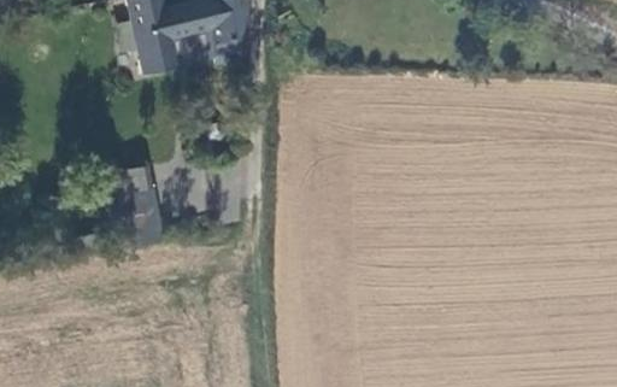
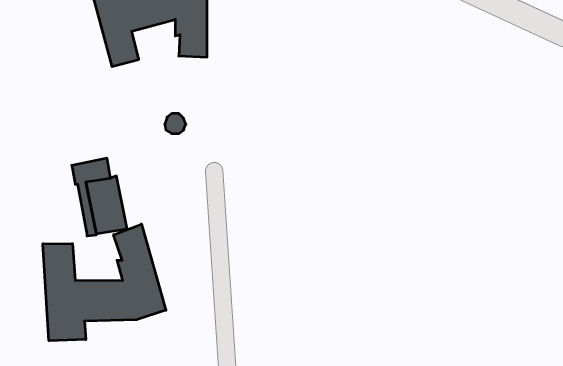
building: none -> [43,224,166,341]

